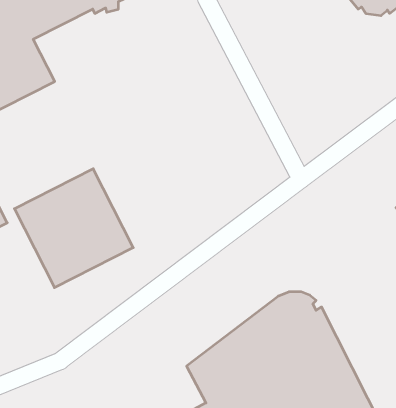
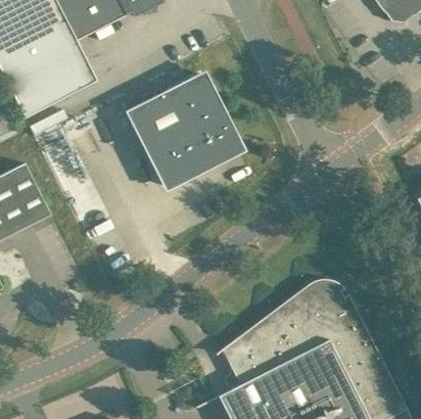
building: [14,169,133,288] -> [125,73,237,185]

